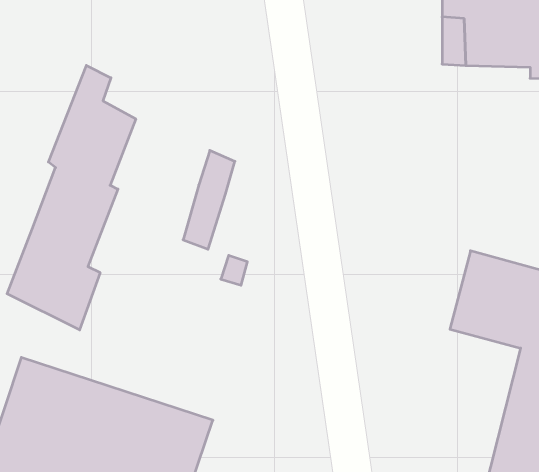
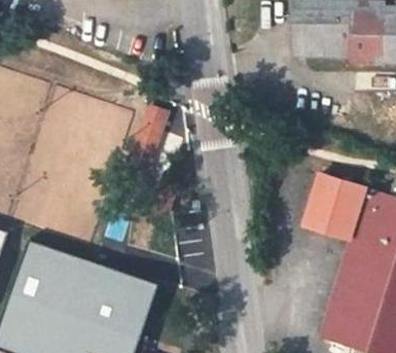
building: [7,65,136,330] -> none

